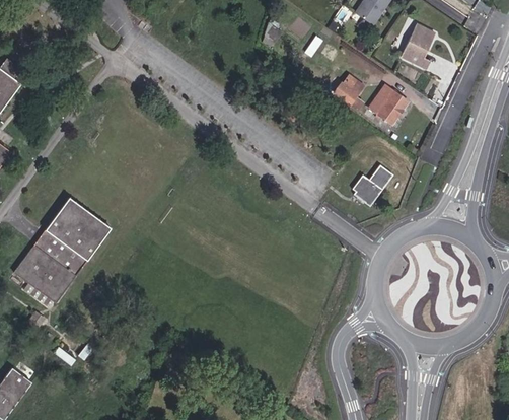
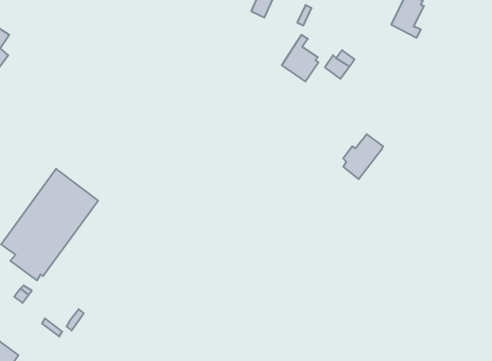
building: none -> [282,35,318,82]
building: [369,84,408,124] -> none

